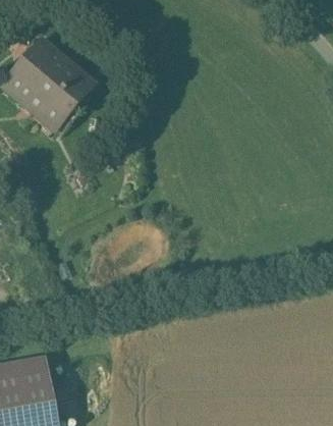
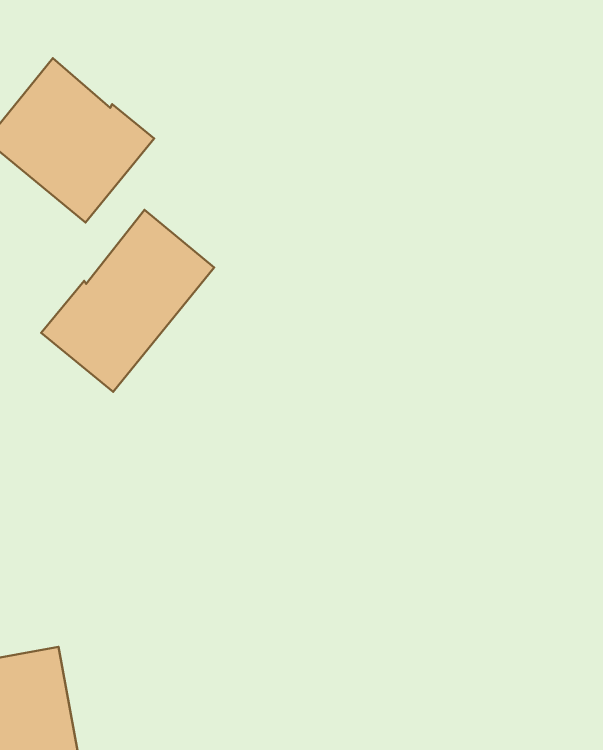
building: none -> [41,210,214,392]

